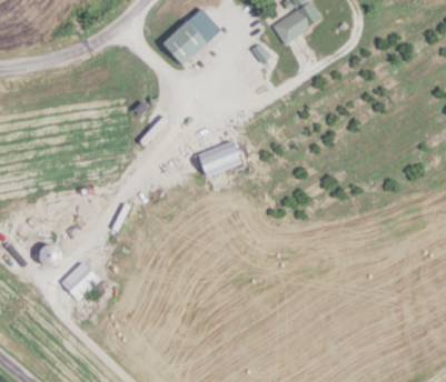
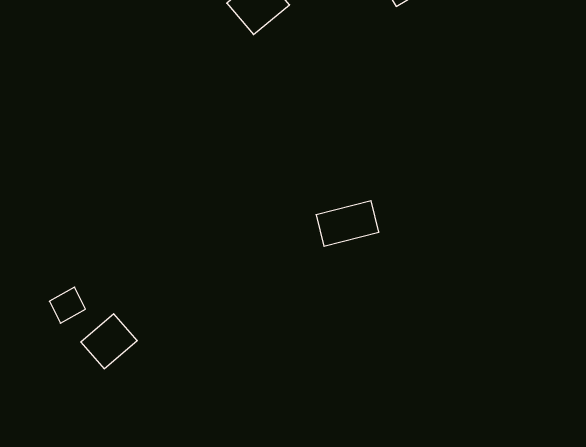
building: [200,141,245,173] -> [316,201,379,246]

